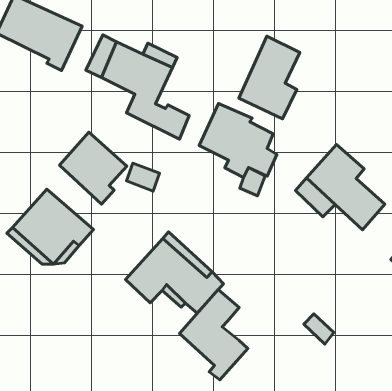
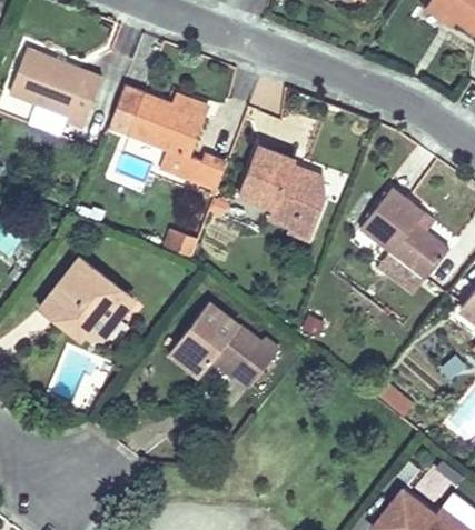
building: [239,36,300,119] -> none
building: [60,132,127,204] -> none
building: [180,290,248,380] -> none

